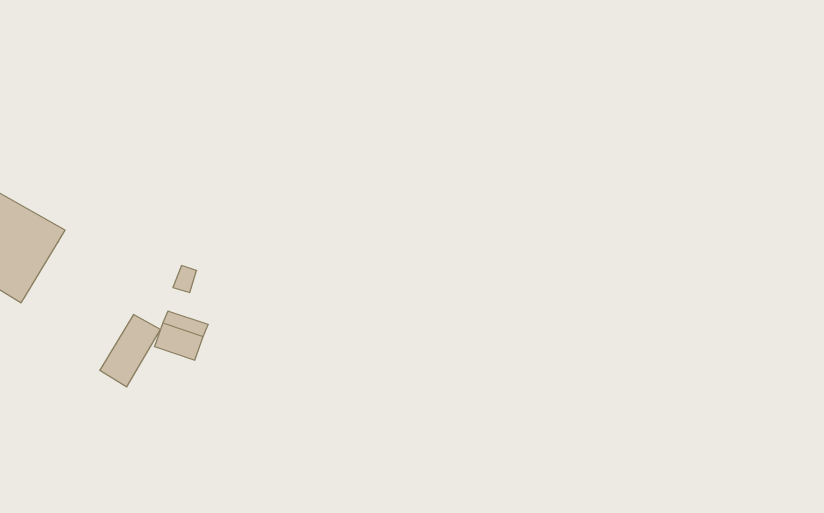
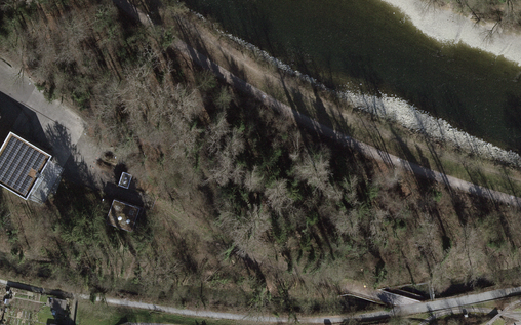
building: [100,314,160,387] -> [23,158,59,202]

